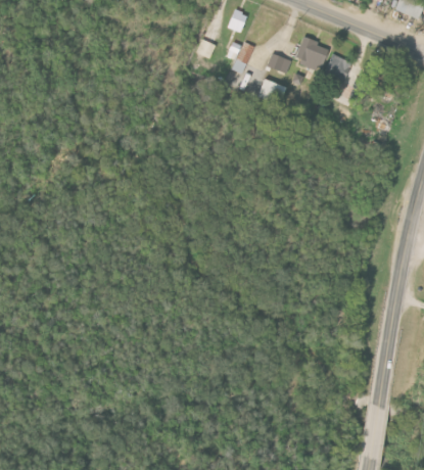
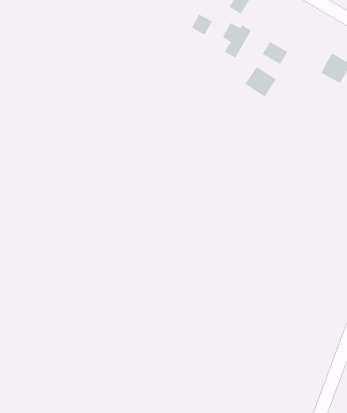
building: [293,36,329,70] -> none

